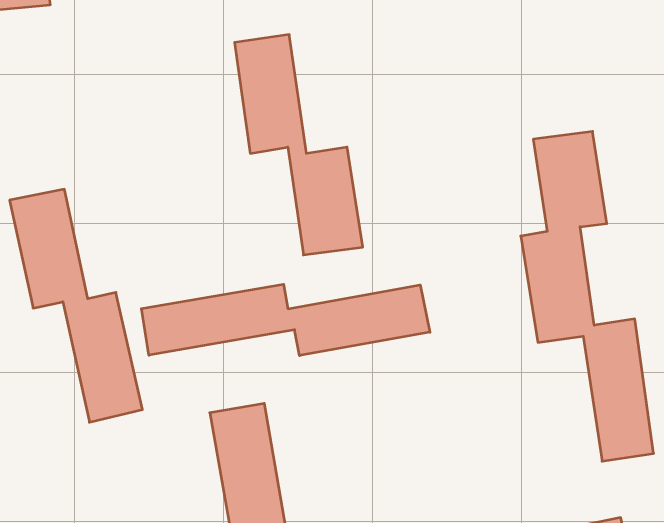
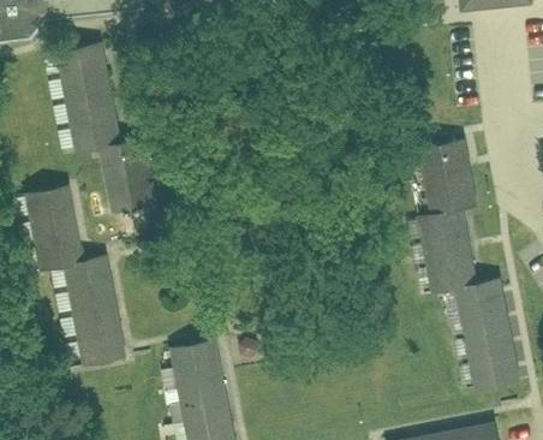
building: [235,35,363,255] -> [59,46,157,215]
building: [141,284,430,356] -> none

